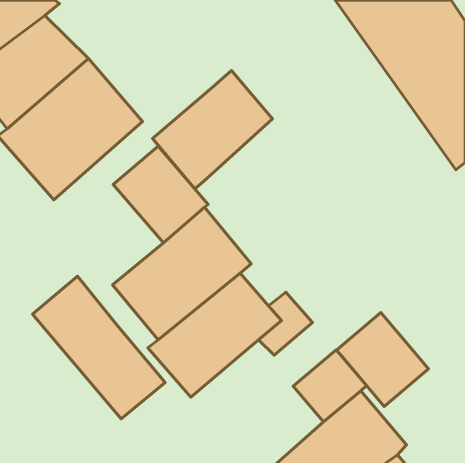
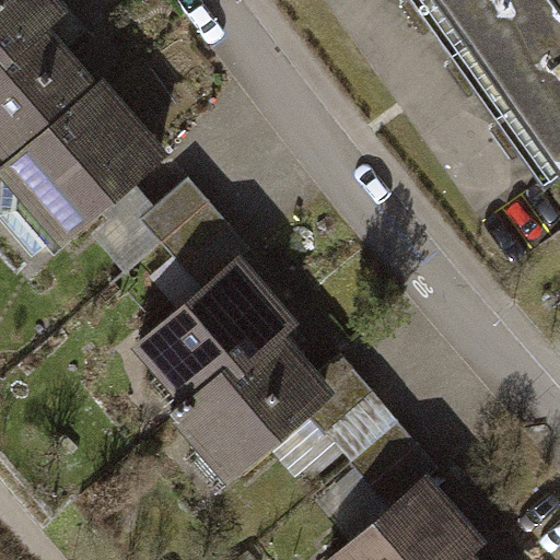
building: [152,70,273,189] -> none
building: [33,276,165,419] -> none
building: [336,313,428,406] -> none

